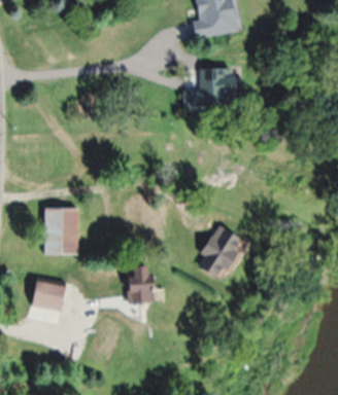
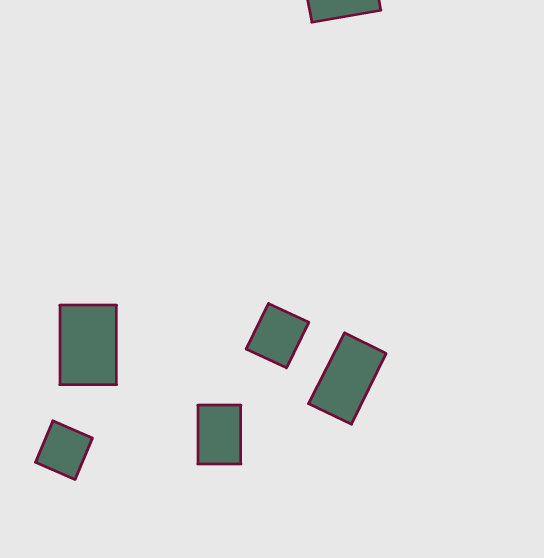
building: [199,68,234,100] -> none
building: none -> [246,303,309,368]

